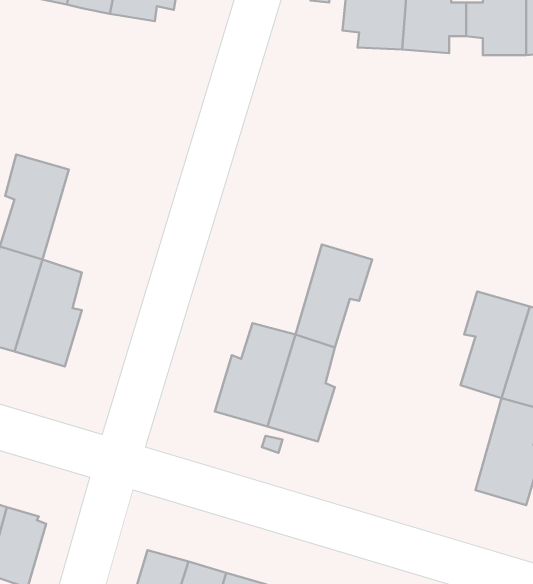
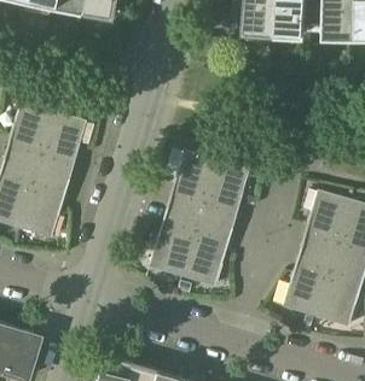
building: none -> [36,112,86,178]
building: none -> [172,151,216,218]
building: none -> [282,251,332,318]

